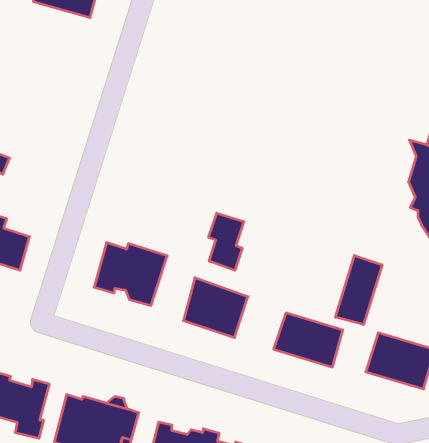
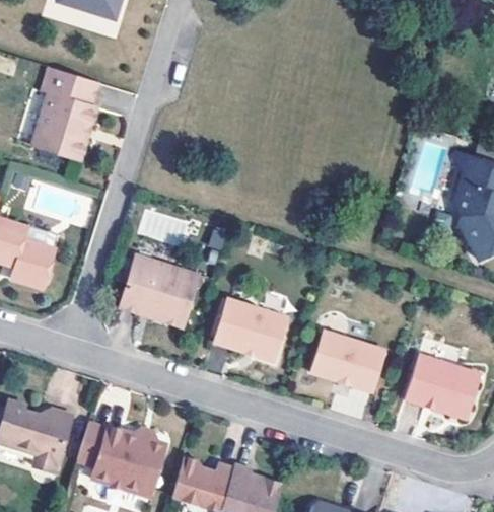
building: none -> [29,68,95,157]
building: [209,213,244,270] -> none
building: [335,255,382,325] -> none

